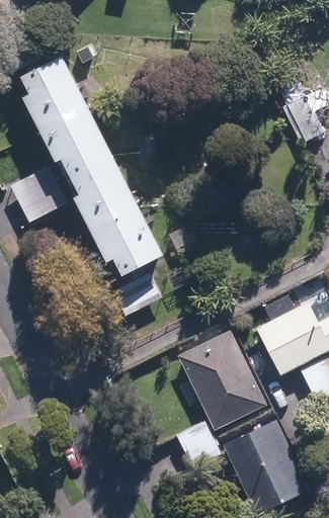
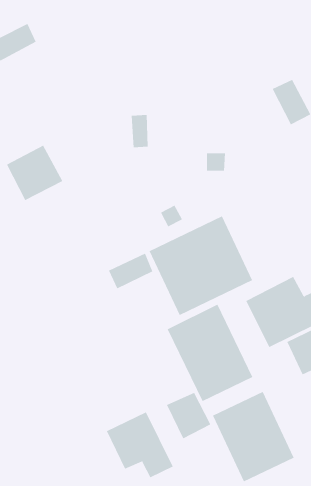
building: [19,57,162,279] -> none
building: none -> [149,216,253,316]
building: none -> [106,411,173,478]

